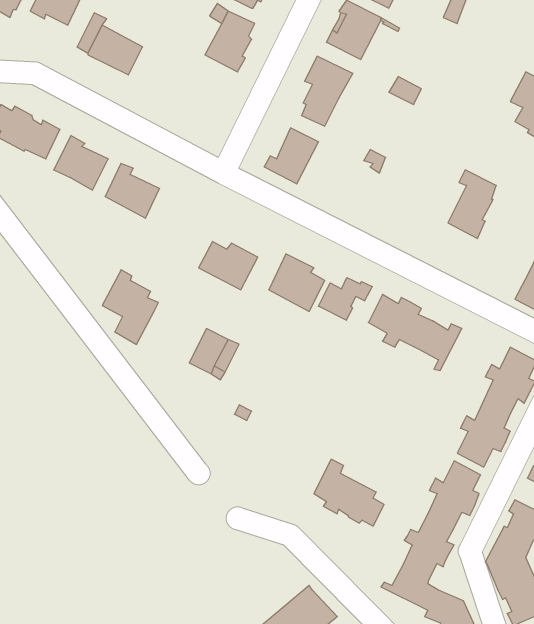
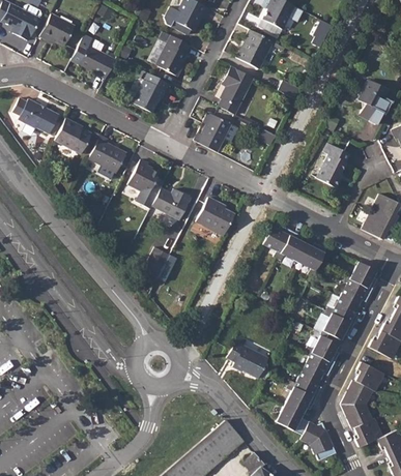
building: none -> [133,73,169,113]
building: [102,270,158,344] -> [126,162,164,212]
building: [318,278,372,320] -> none

